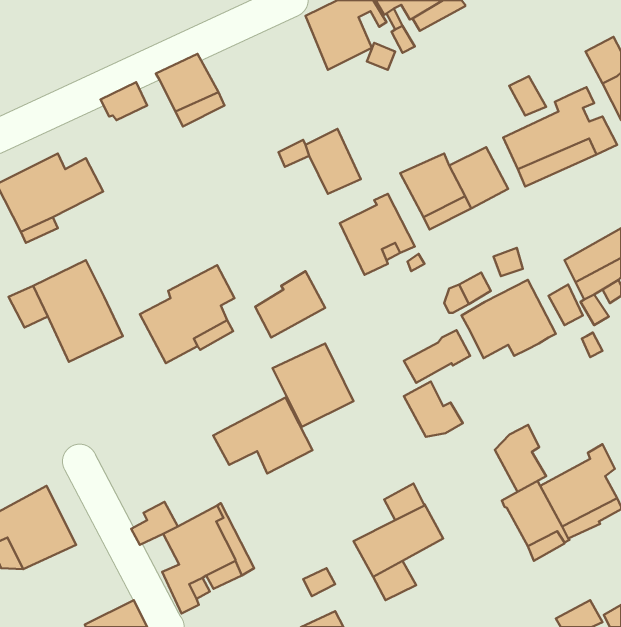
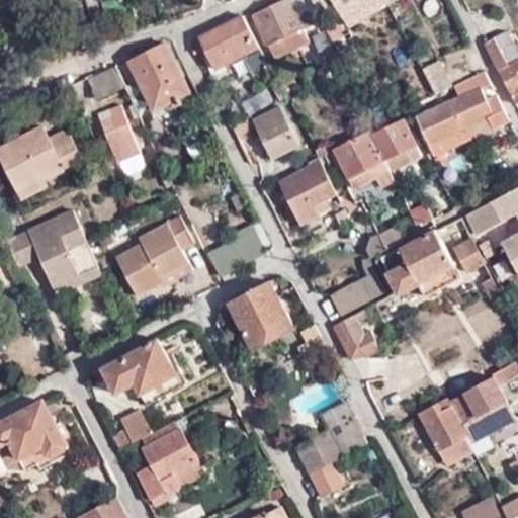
building: none -> [198,15,257,68]
building: none -> [100,107,140,164]
building: [213,397,313,473] -> [96,342,178,405]
building: [495,425,546,492] -> none

